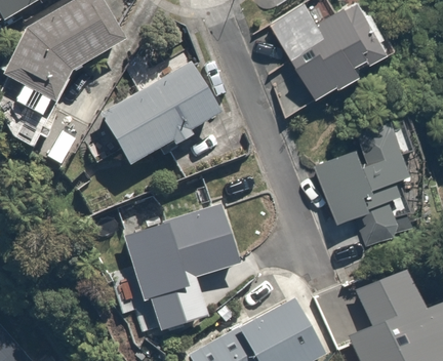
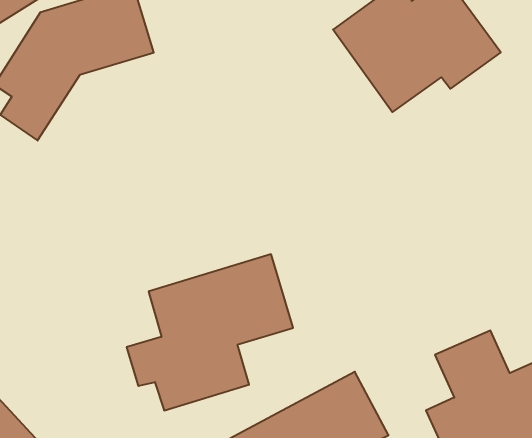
building: [95,59,225,168] -> none
building: [319,129,415,238] -> none

